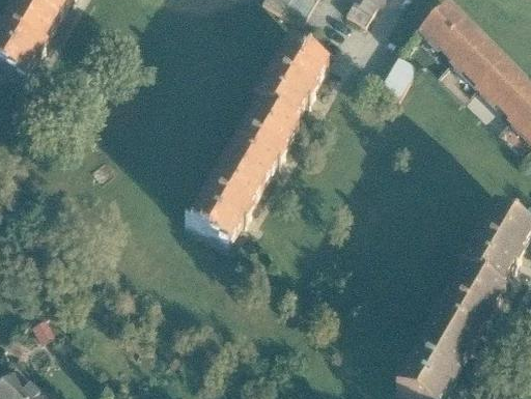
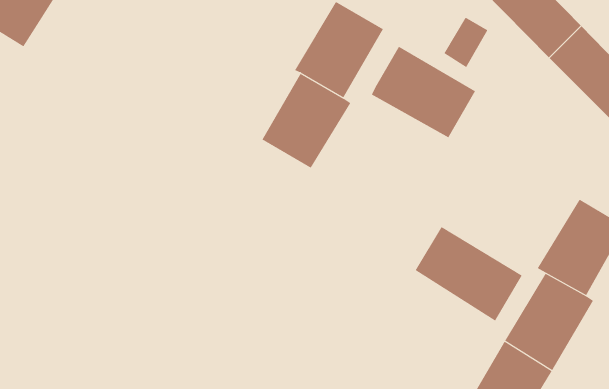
building: none -> [371,46,476,138]
building: [187,152,268,240] -> none
building: none -> [415,226,522,321]

